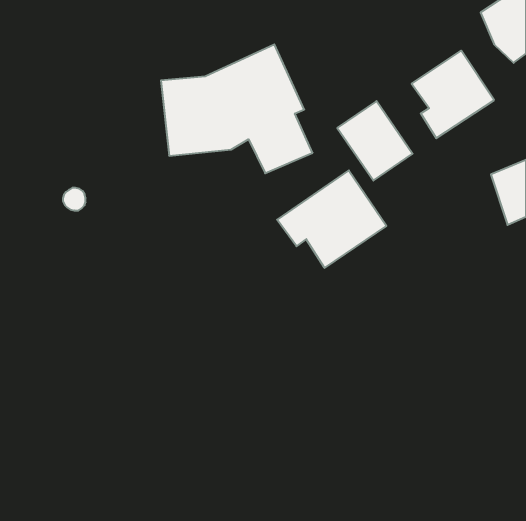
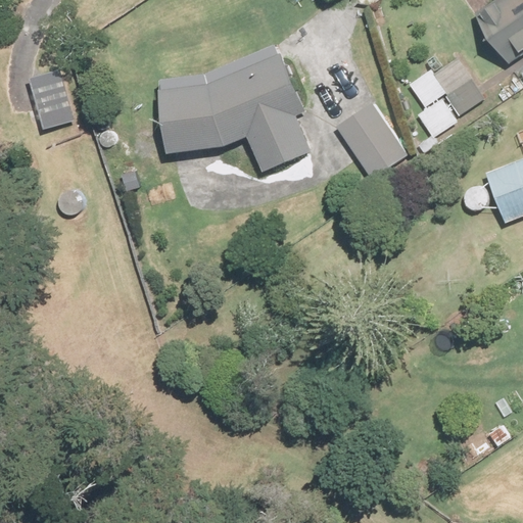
building: none -> [31,72,74,123]
building: [277,170,386,268] -> none

